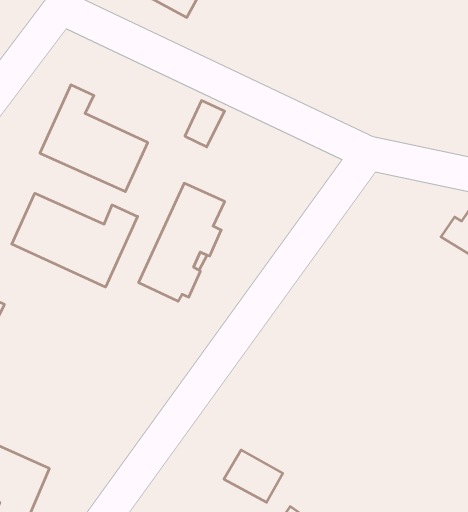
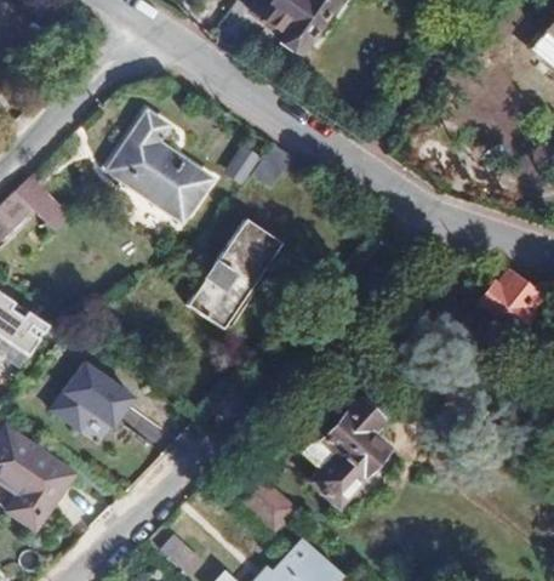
building: [12,193,138,287] -> none
building: none -> [299,401,385,506]
building: none -> [53,364,137,432]

